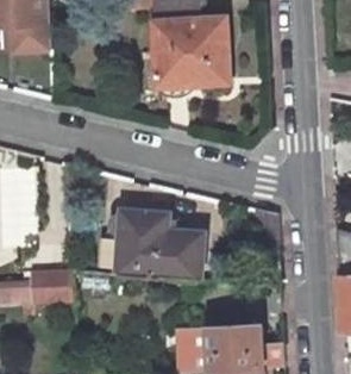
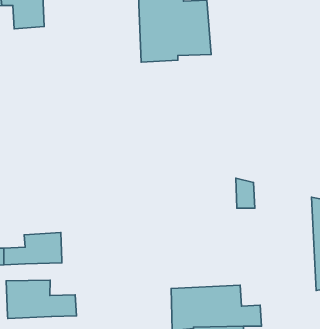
building: [111,208,198,278] -> none
building: none -> [6,280,77,318]

